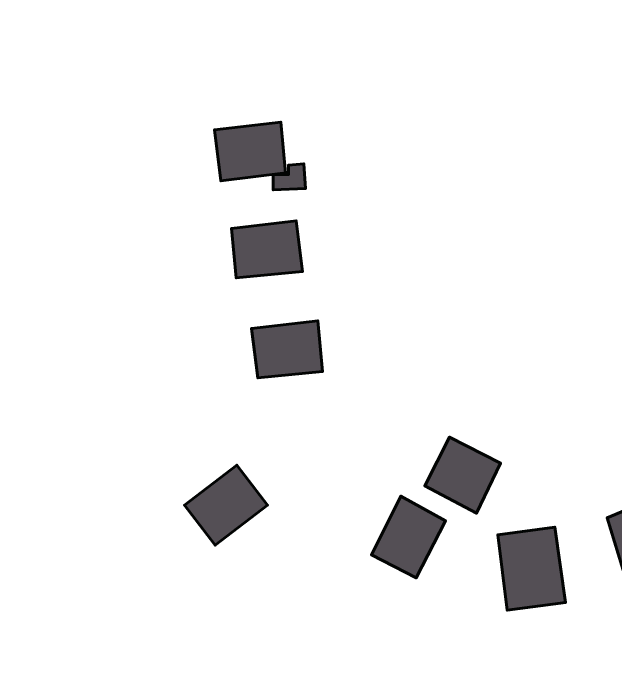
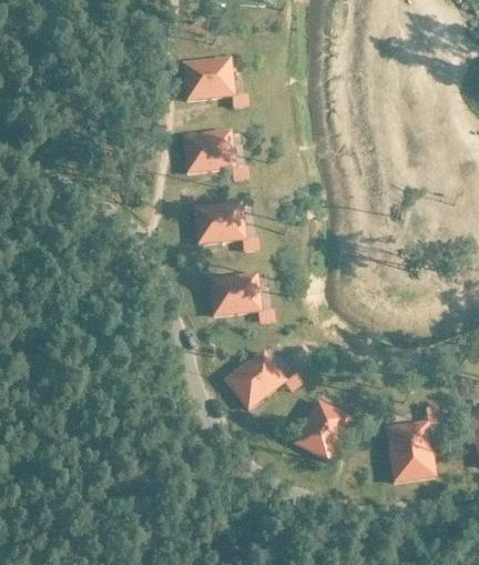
building: none -> [184,59,235,100]
building: [425,437,500,513] -> none
building: [184,465,268,545] -> [227,352,287,410]

